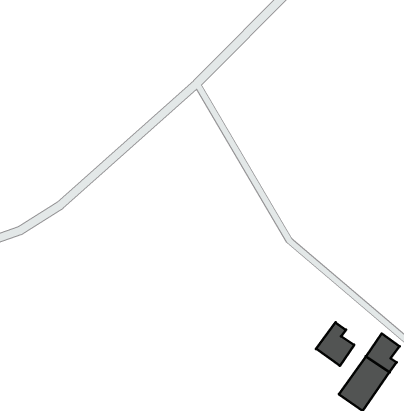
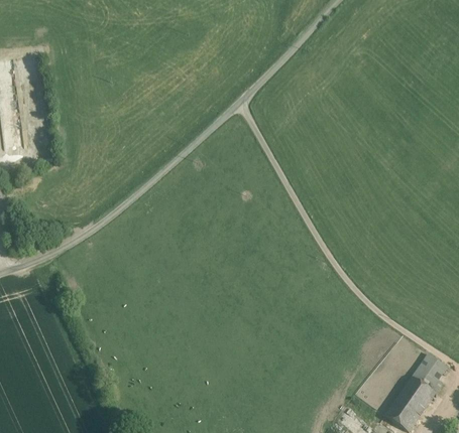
building: [316,322,354,366] -> none

